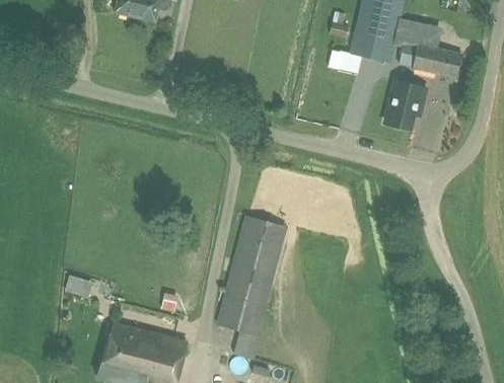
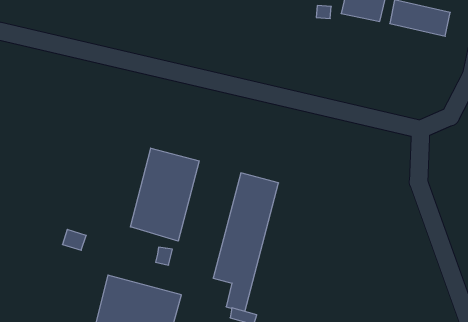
building: [384,79,427,129] -> none
building: none -> [130,148,199,241]

